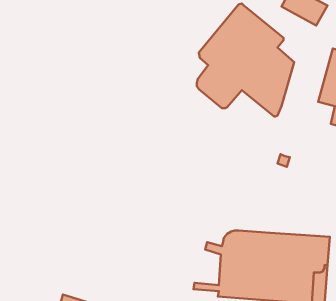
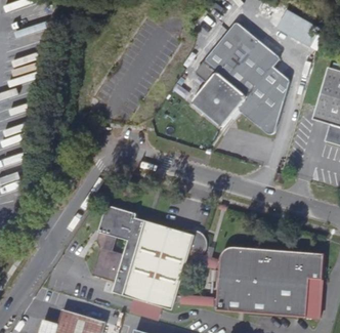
building: none -> [92,204,207,308]

